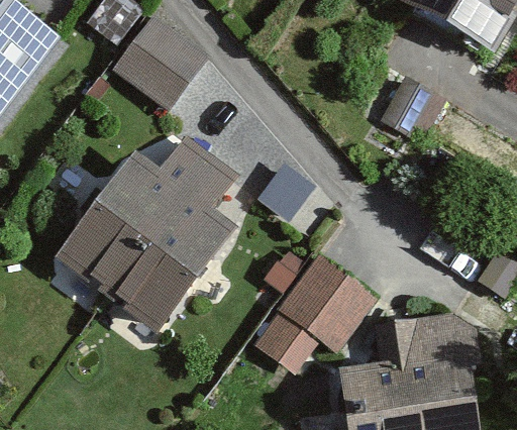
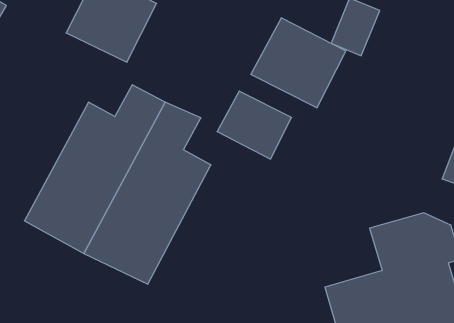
building: none -> [251,18,346,108]
building: [252,249,379,366] -> none

